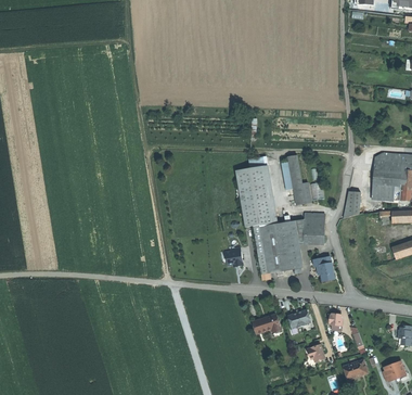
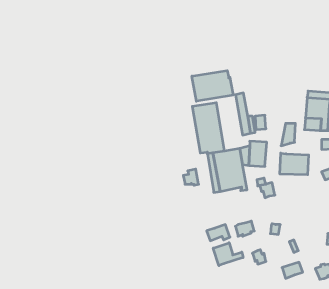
building: none -> [192,71,233,101]
building: none -> [280,153,309,175]
building: none -> [213,243,243,266]

